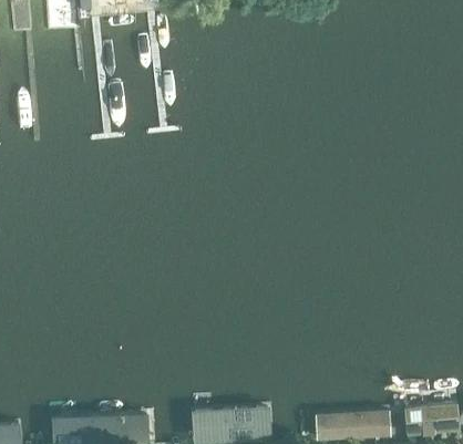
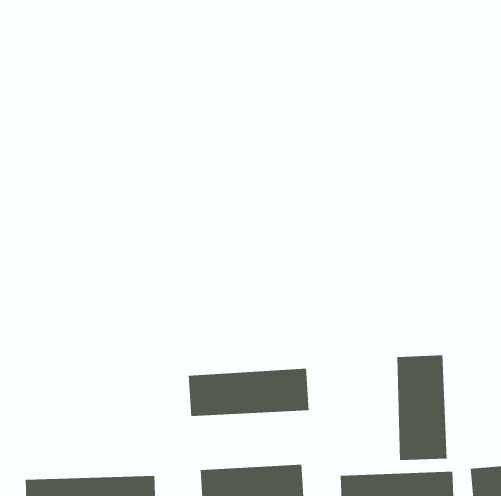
building: none -> [397,355,447,461]
building: none -> [188,368,309,417]

